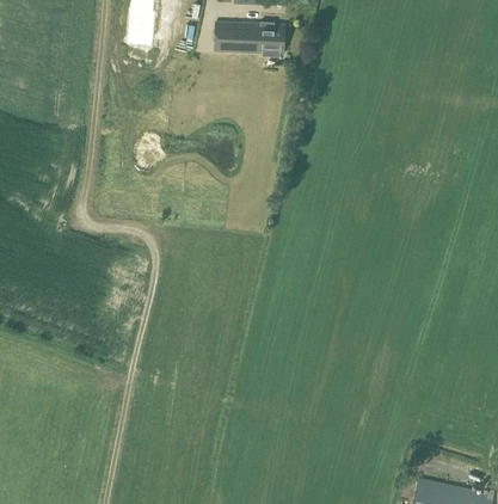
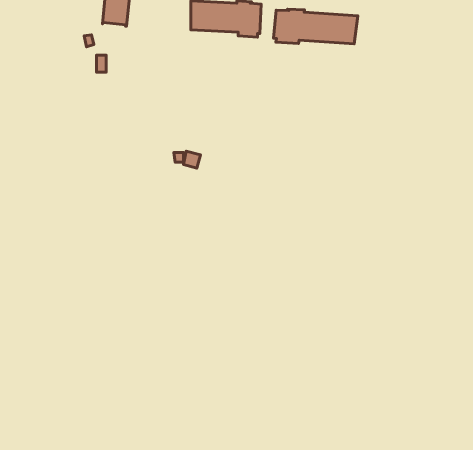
building: none -> [274,9,358,44]

